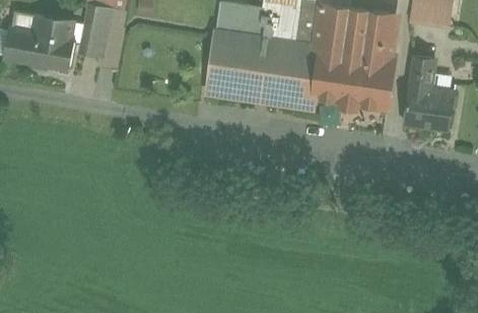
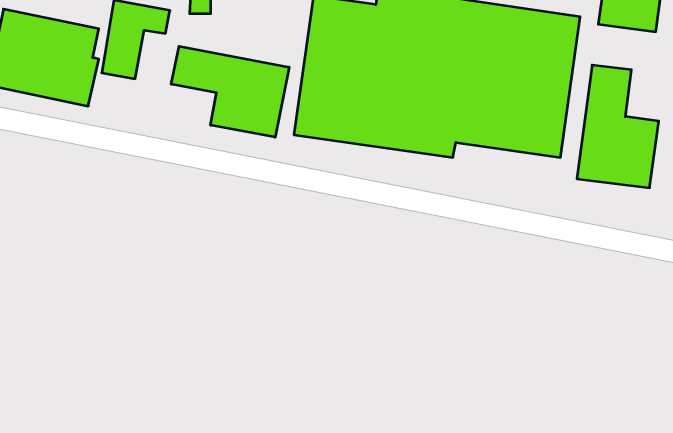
building: none -> [171,46,289,137]

